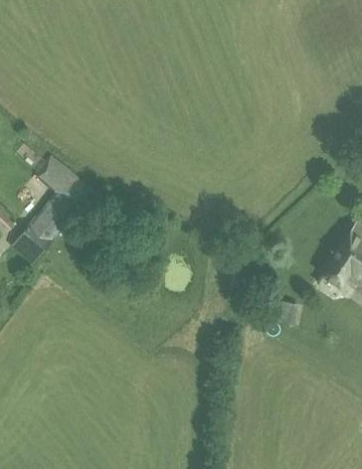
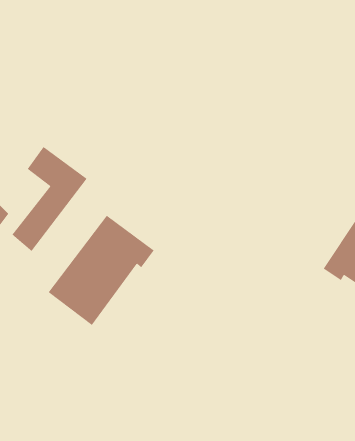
building: none -> [48,215,155,326]

